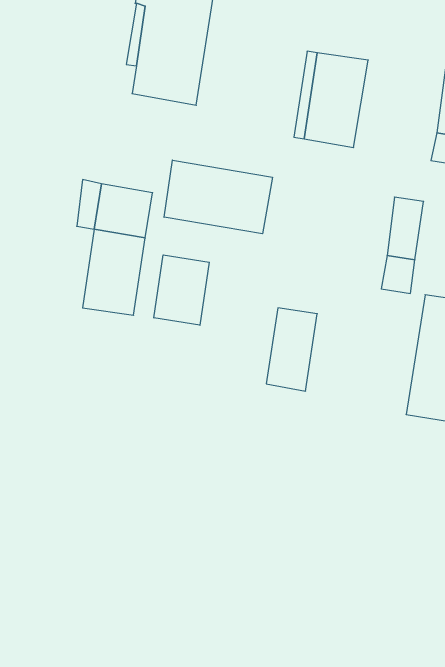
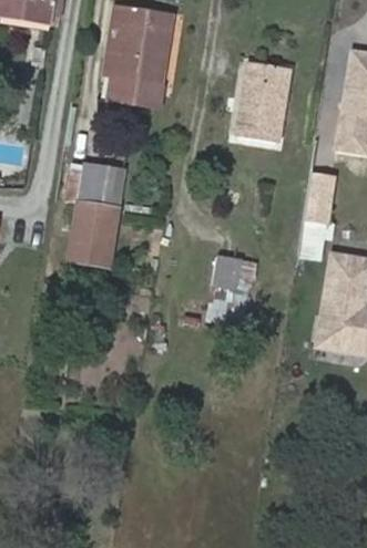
building: [164,160,272,234] -> none
building: [154,255,209,325] -> none

